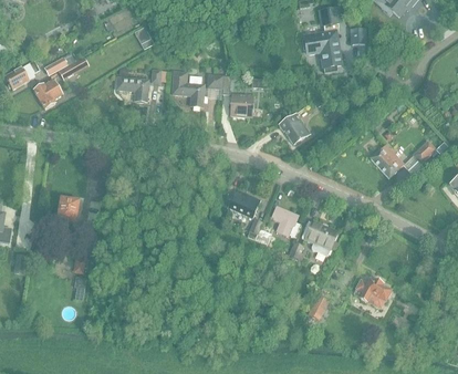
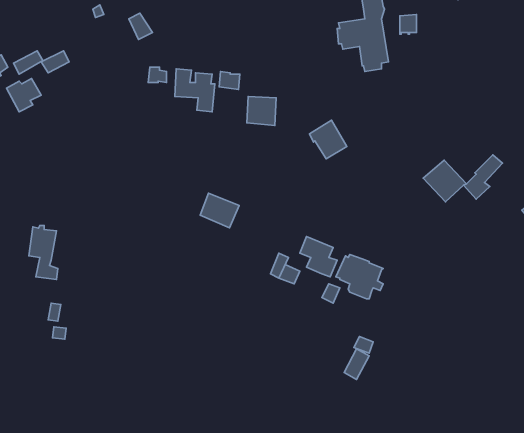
building: [116,76,148,100] -> none
building: [230,189,261,217] -> [200,193,239,228]
building: [353,279,391,307] -> none

